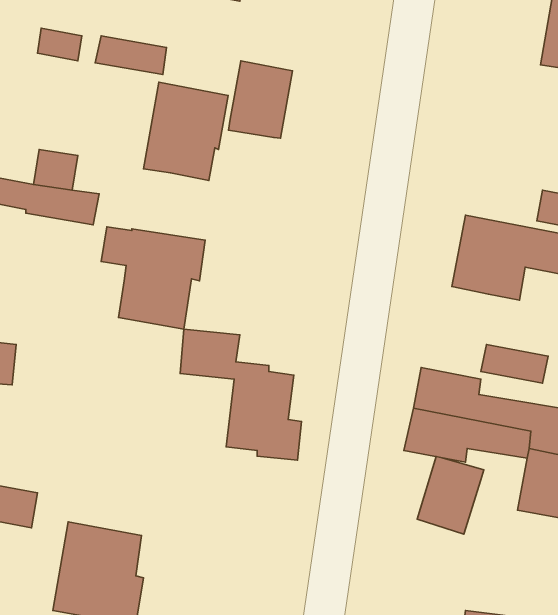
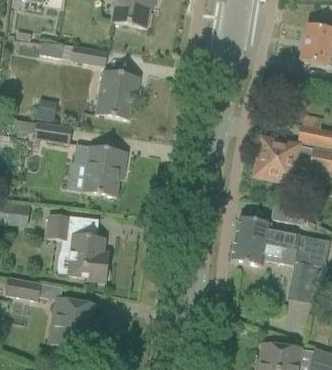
building: [228,61,292,138] -> none
building: [180,329,302,460] -> [45,213,108,281]
building: [417,457,484,534] -> none

